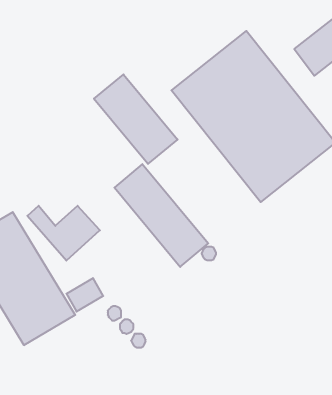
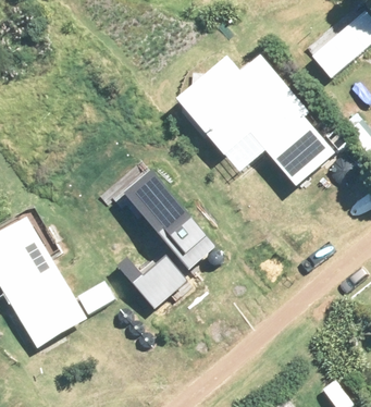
building: [94,74,178,164] -> none
building: [27,206,100,261] -> [115,256,186,309]

